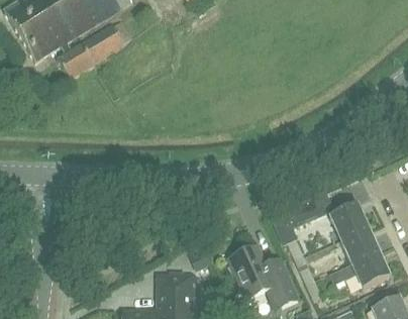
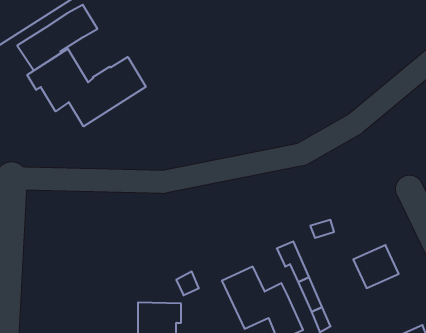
building: none -> [27,49,146,126]
building: [329,201,368,238] -> none
building: [351,250,389,287] -> none

